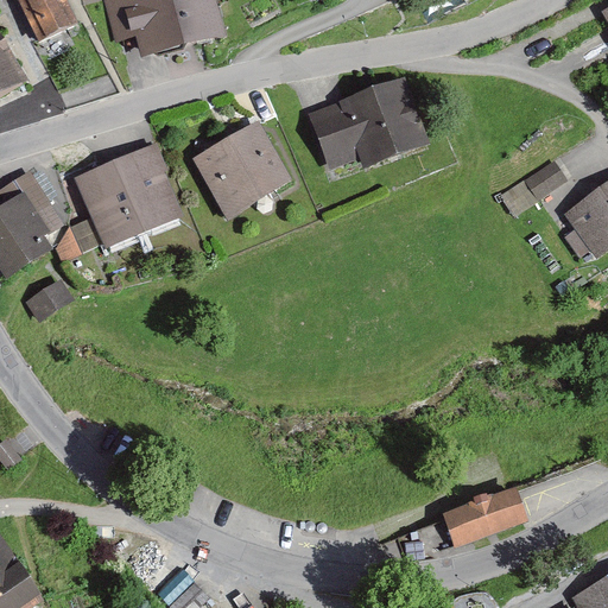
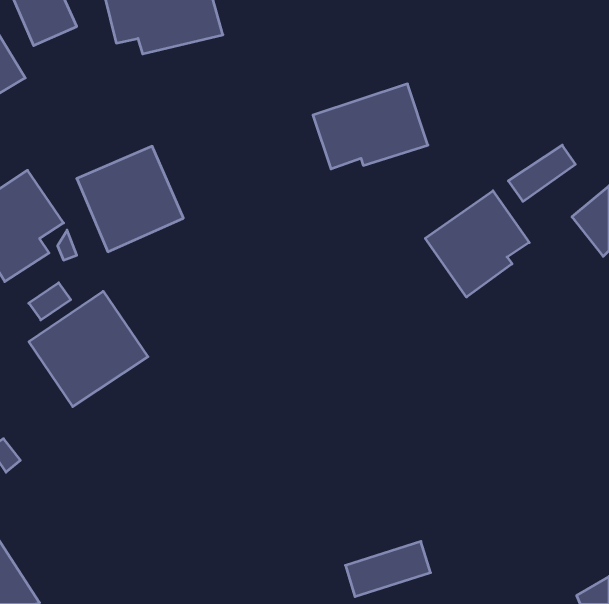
building: [191,120,293,218] -> none
building: none -> [425,191,529,297]
building: none -> [29,291,148,407]
building: [441,487,525,542] -> [345,541,431,597]

